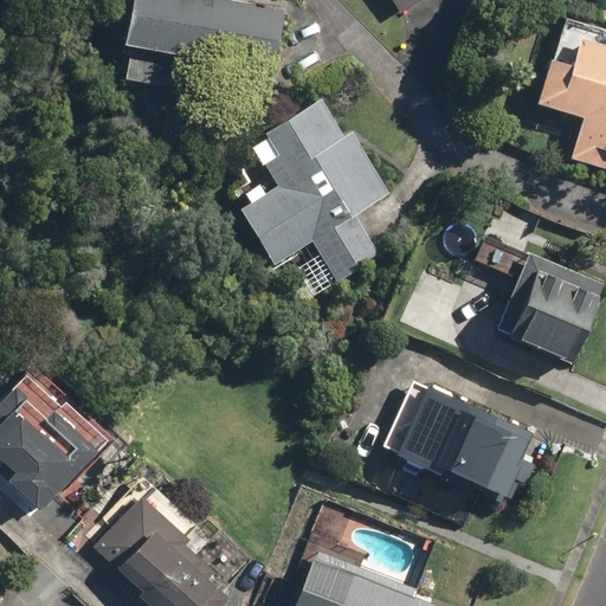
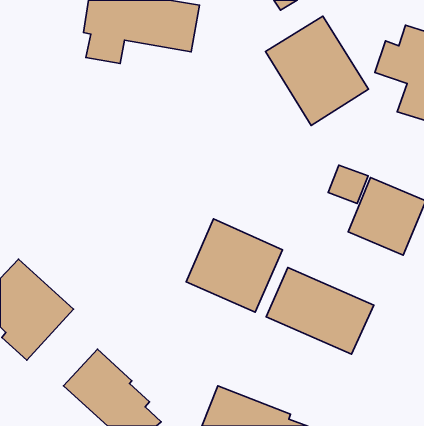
building: none -> [266,16,368,126]
building: [239,97,392,283] -> none
building: none -> [186,219,283,312]

